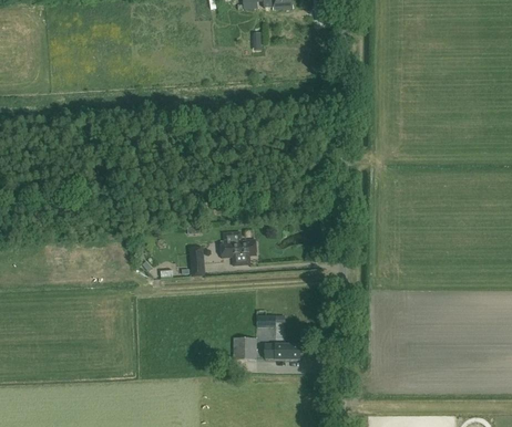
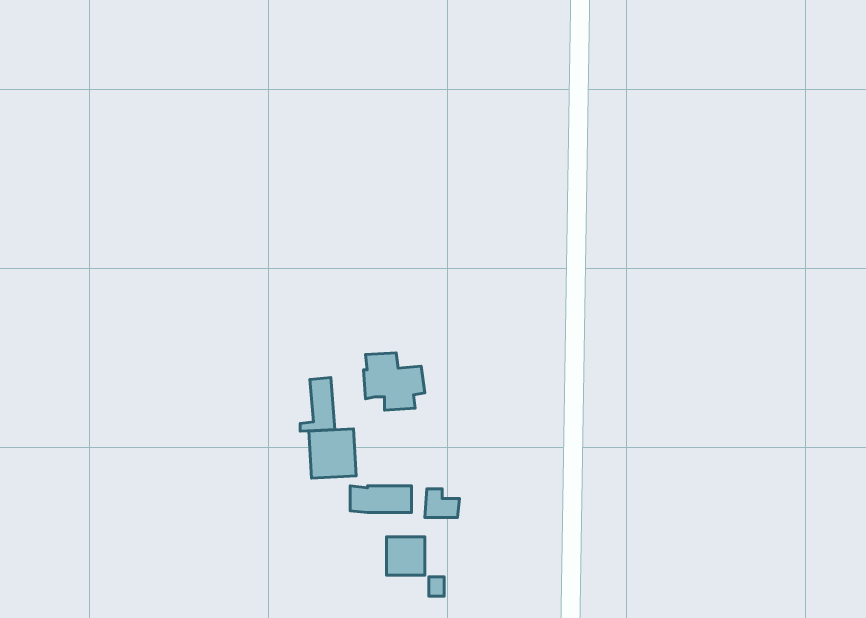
building: none -> [309,429,356,478]
building: [264,344,299,360] -> [350,486,412,513]

